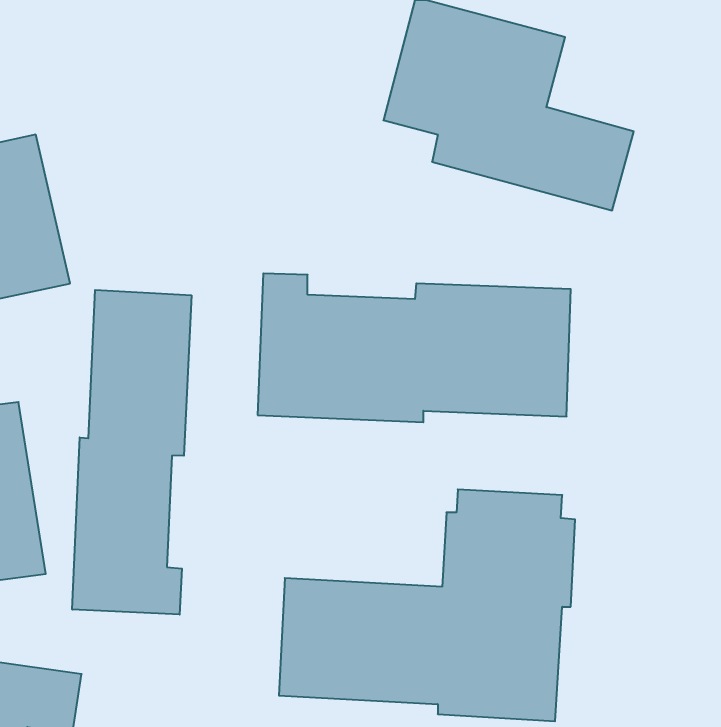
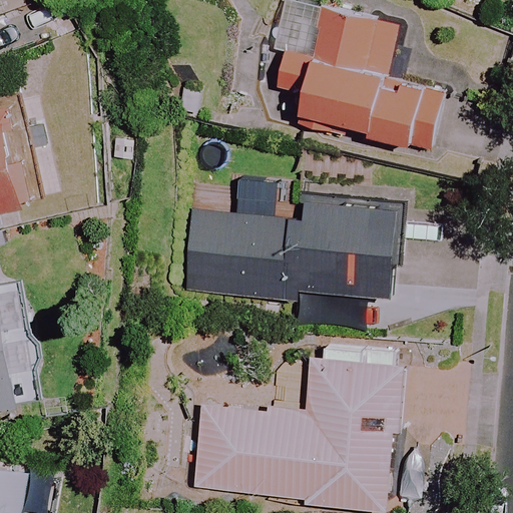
building: [72,290,191,615] -> none

